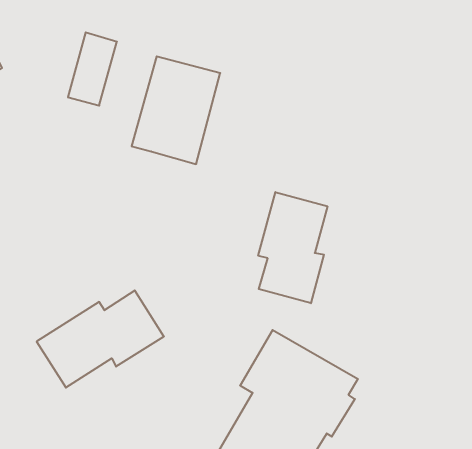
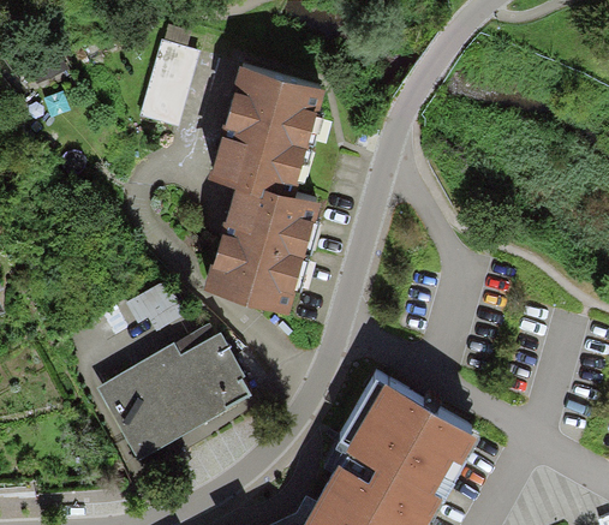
building: none -> [208,177,315,304]
building: [258,192,327,303] -> none

